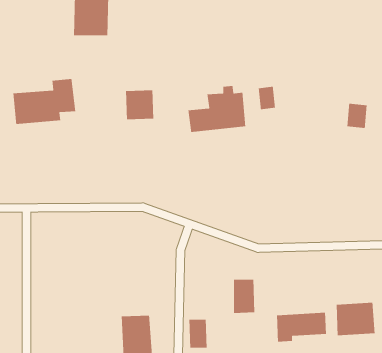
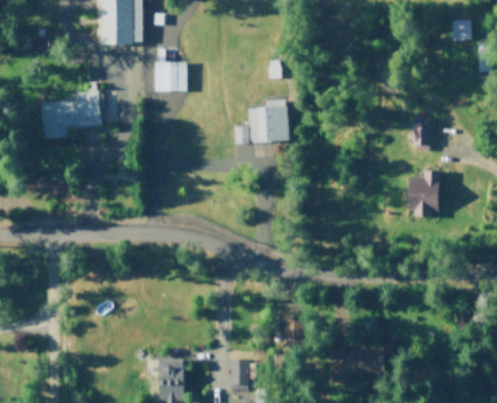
building: [258,86,276,110] -> none
building: [125,89,154,120] -> [153,58,186,92]
building: none -> [407,168,440,213]
building: [336,302,375,336] -> none

